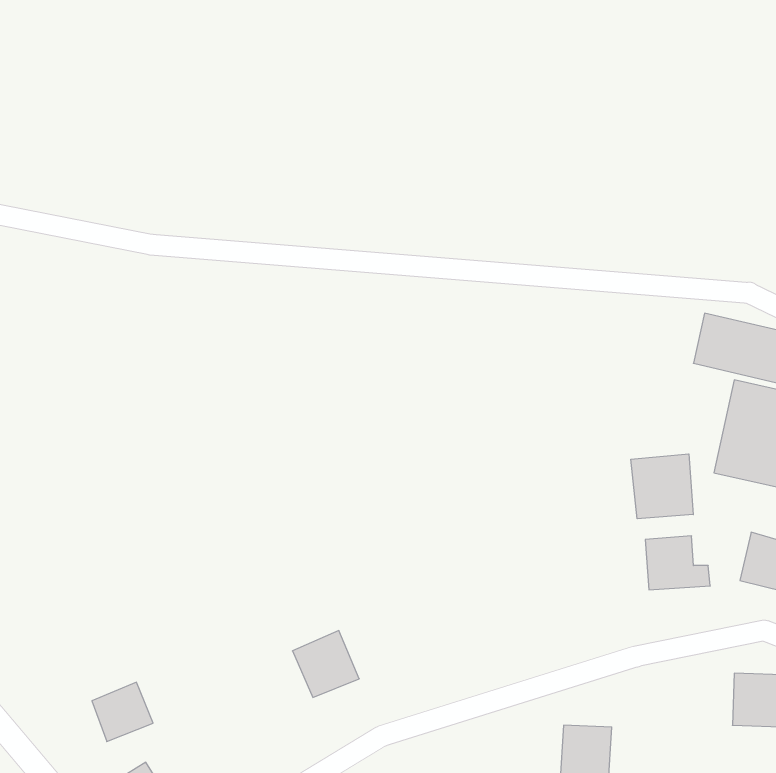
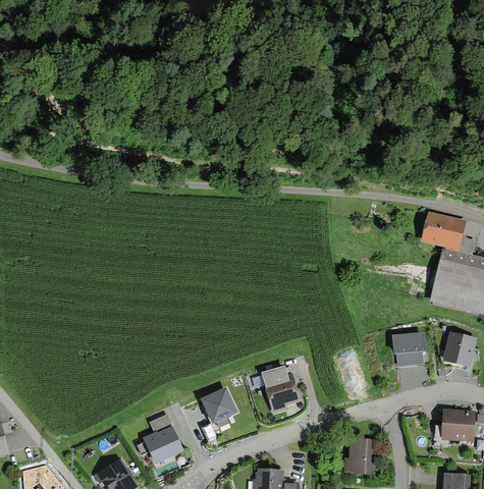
building: [631,454,693,519] -> none
building: none -> [261,366,301,412]
building: [92,682,153,742] -> [147,428,180,460]

